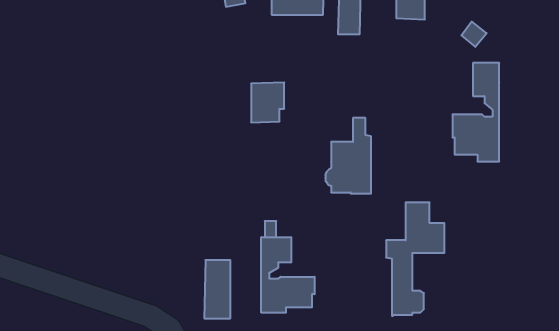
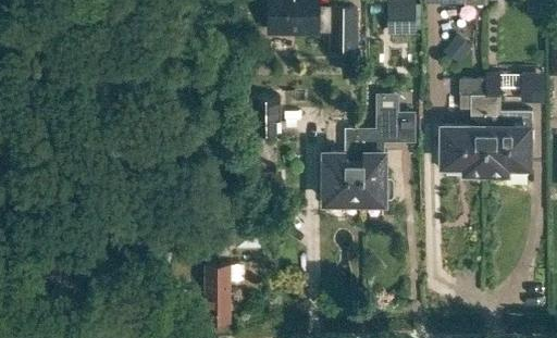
building: none -> [486,76,531,173]
building: [386,202,444,316] -> [359,96,414,203]
building: [261,237,315,313] -> none

